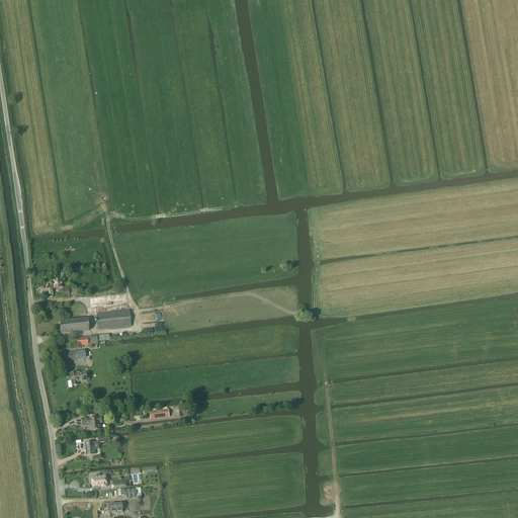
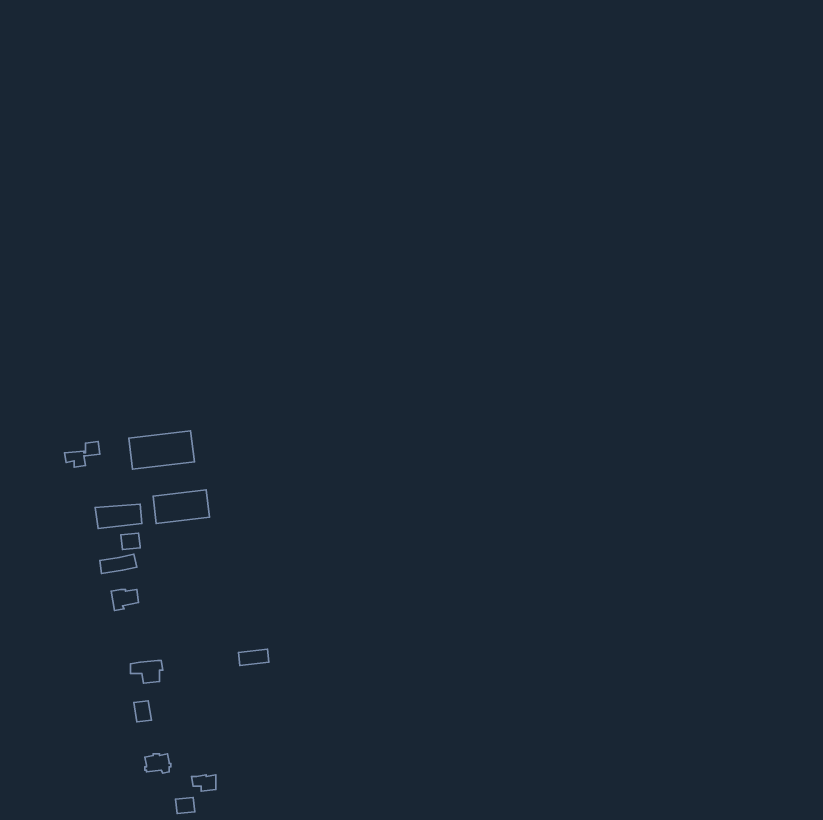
building: none -> [129,431,195,469]

